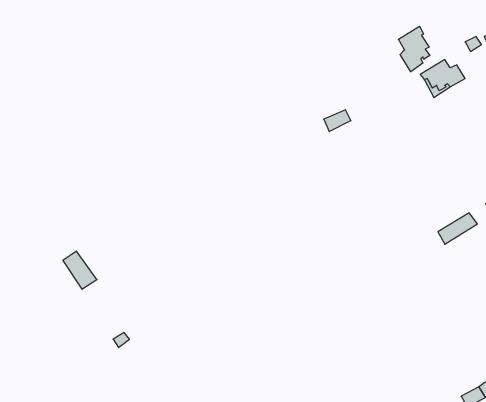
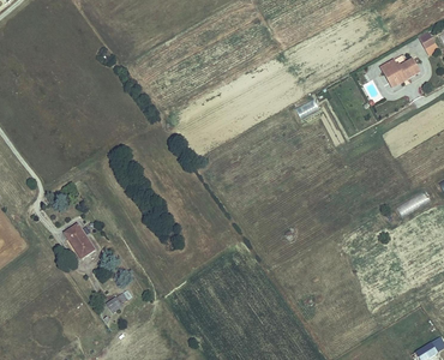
building: [398,26,430,72] -> none

